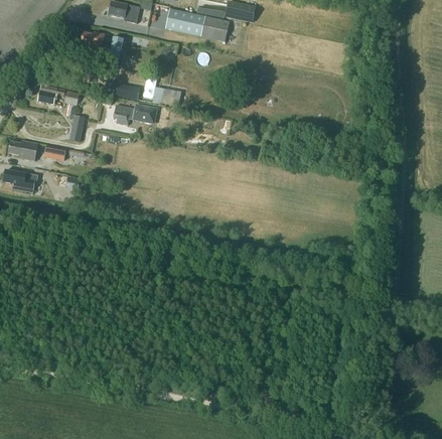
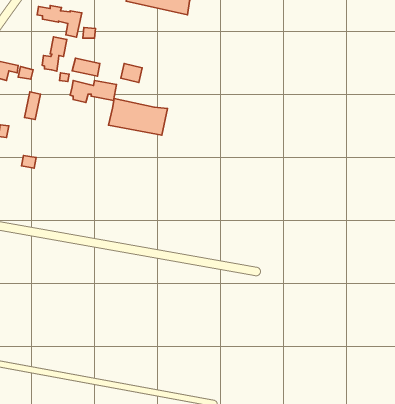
building: none -> [42,37,67,71]
building: none -> [109,99,167,135]

